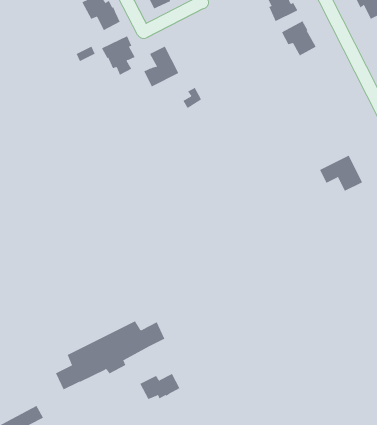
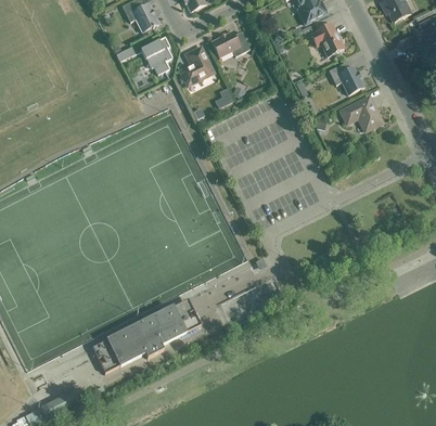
building: none -> [210,31,248,57]
building: none -> [328,62,362,94]
building: [319,155,363,192] -> [339,96,381,131]
building: [140,373,180,400] -> none

